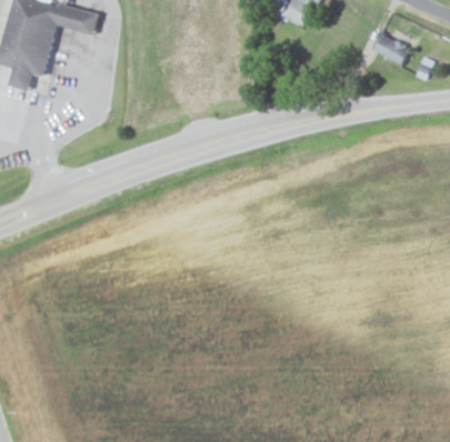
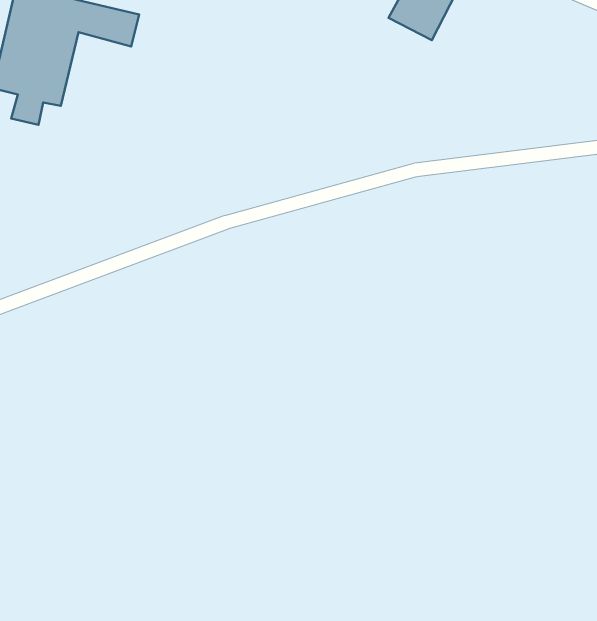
building: [371,32,412,66] -> none

